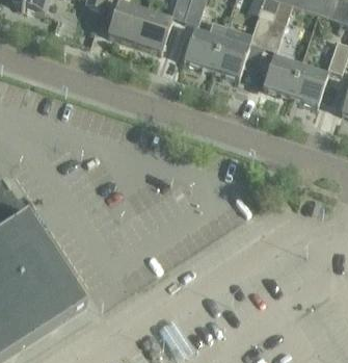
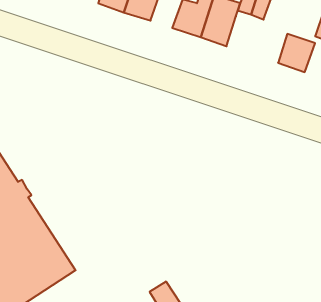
building: [262,56,300,95] -> none

